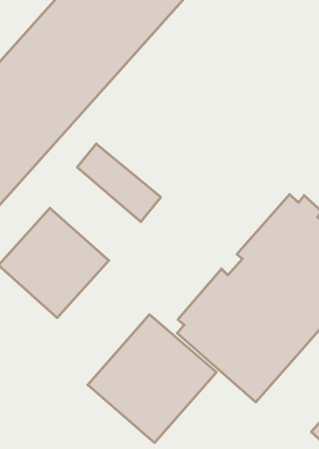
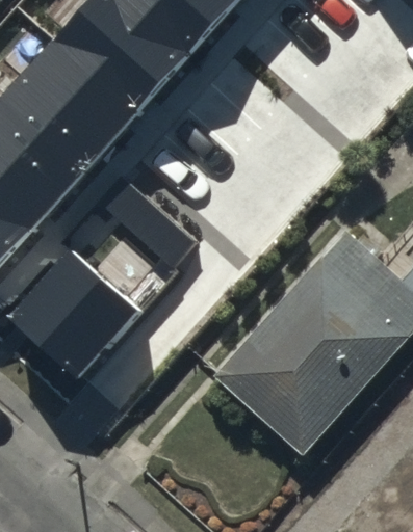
building: [88,315,216,443] -> none

